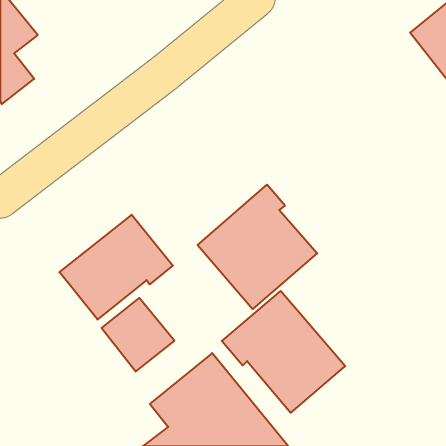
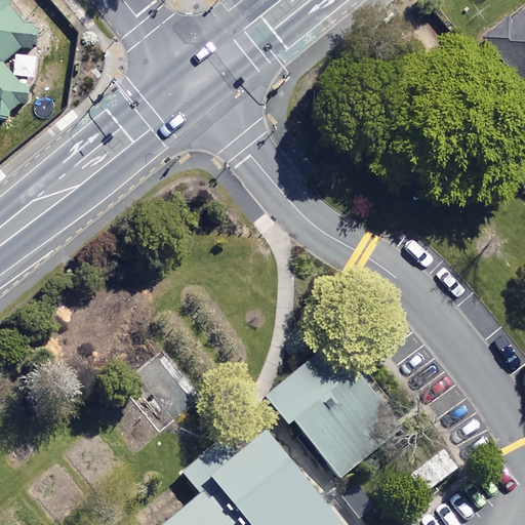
building: [198,185,317,309] -> none
building: [59,215,173,320] -> none

